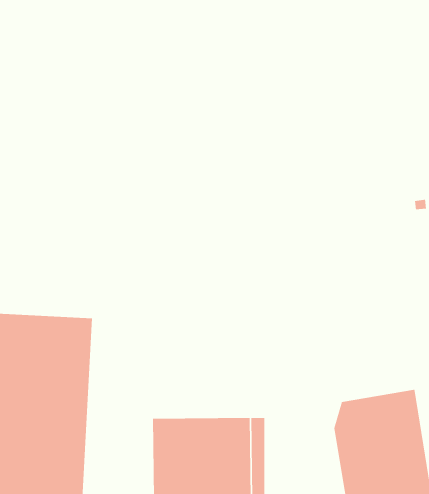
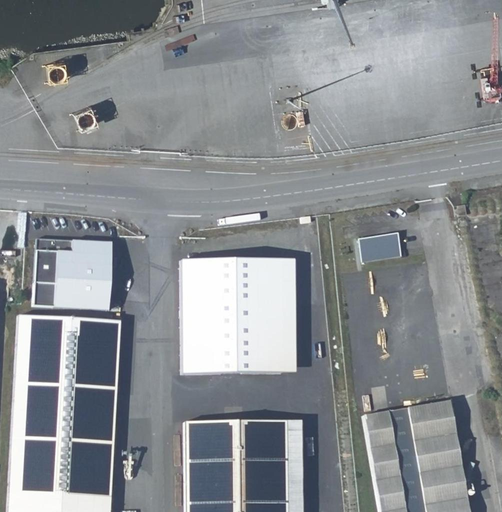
building: none -> [354,235,396,264]
building: none -> [32,239,111,310]
building: none -> [183,259,294,370]

